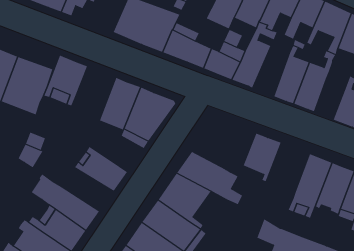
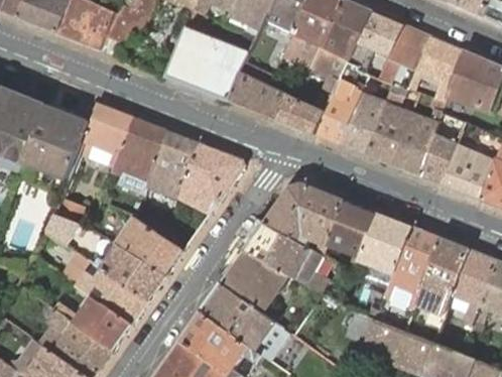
building: none -> [341,92,387,155]
building: none -> [112,117,169,187]
building: none -> [418,133,458,184]
building: none -> [264,183,345,255]
building: none -> [359,213,412,283]
building: none -> [91,244,167,299]

